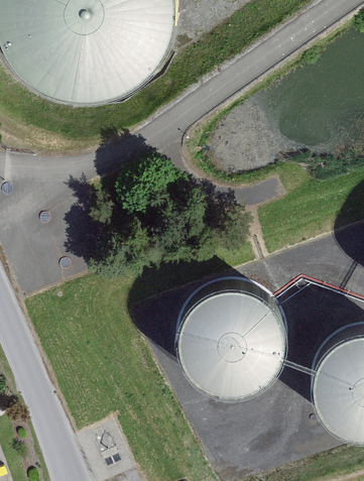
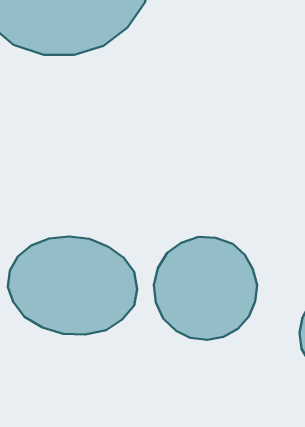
building: none -> [8,237,137,335]

